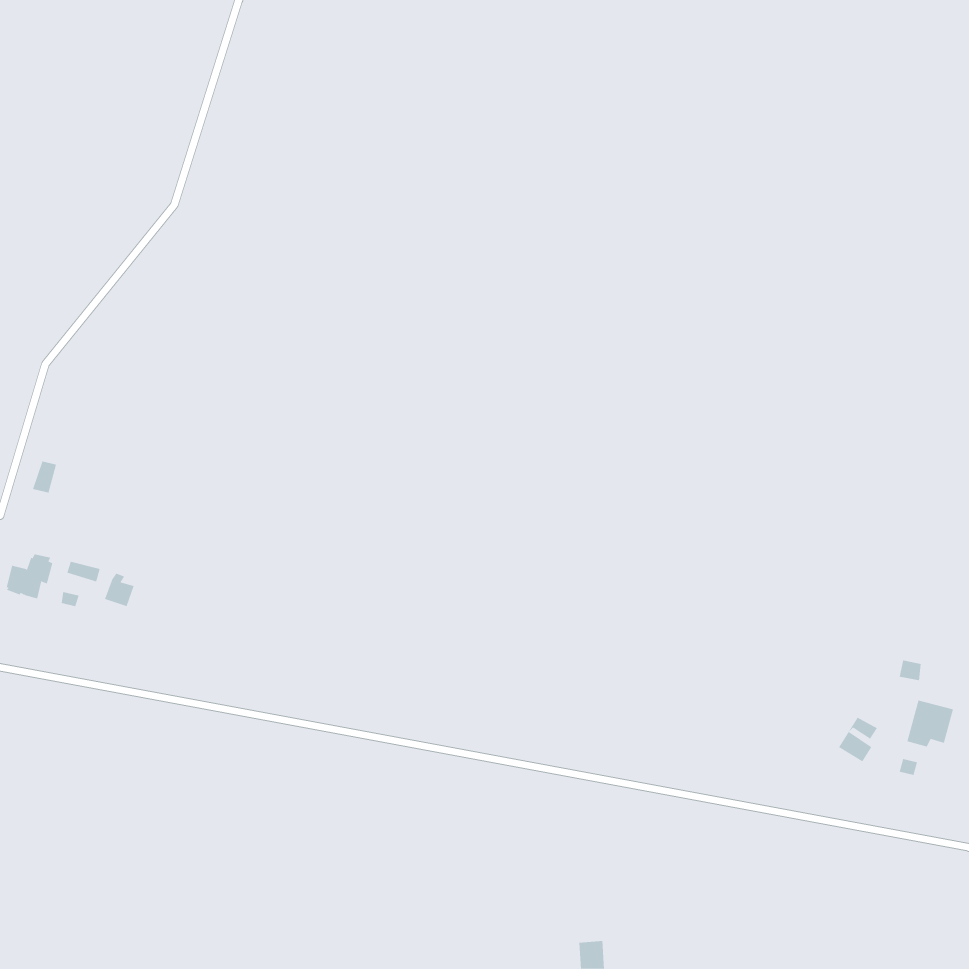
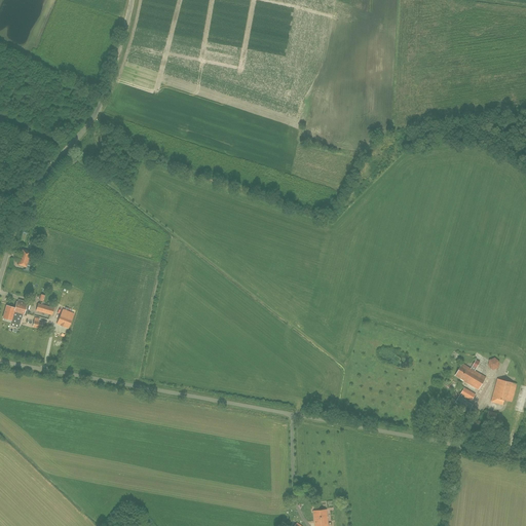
building: none -> [455,361,486,389]

